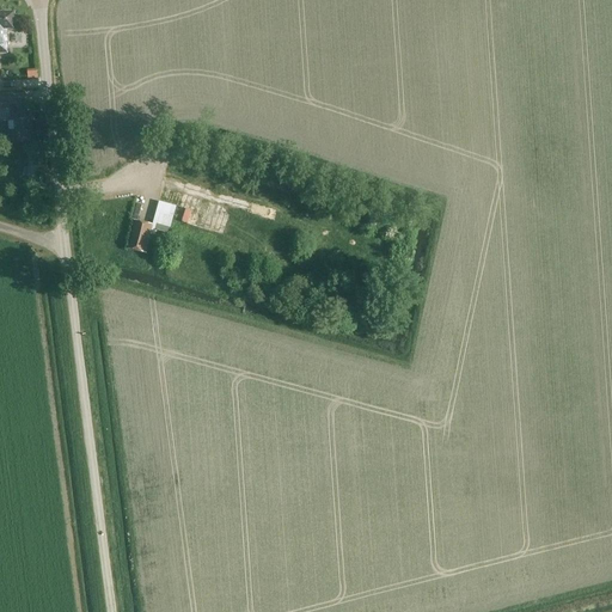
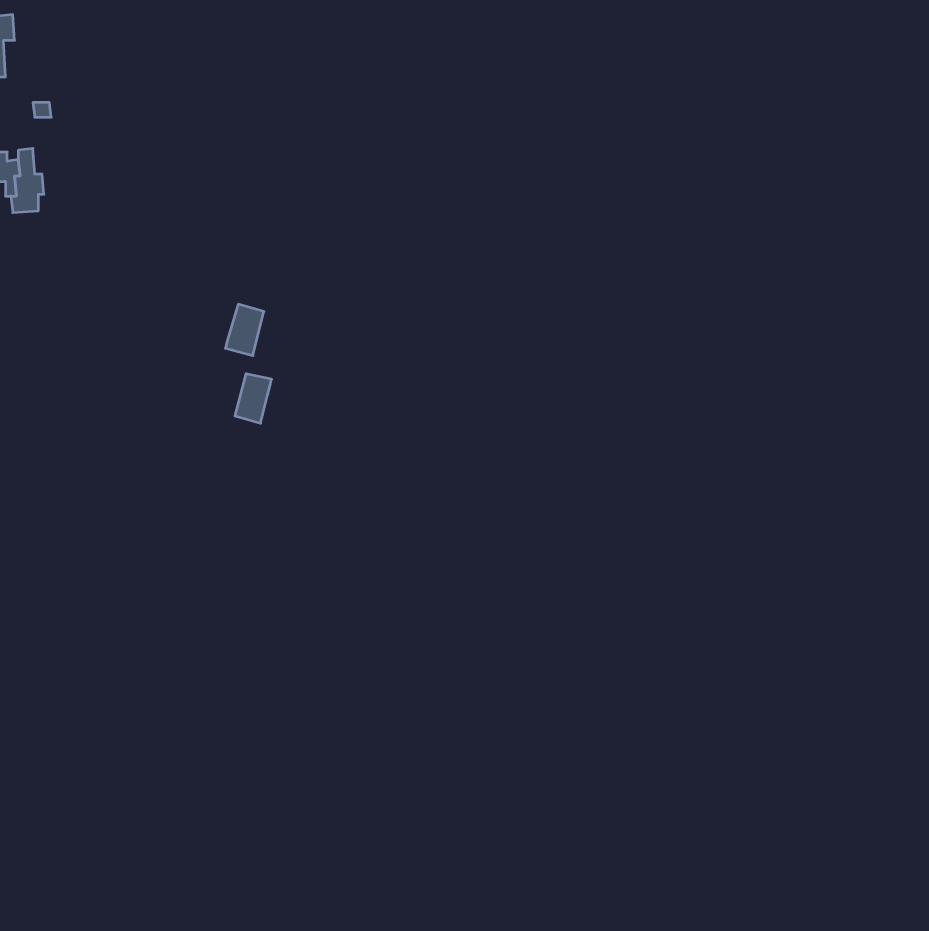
building: [124,219,148,251] -> [235,374,272,423]

